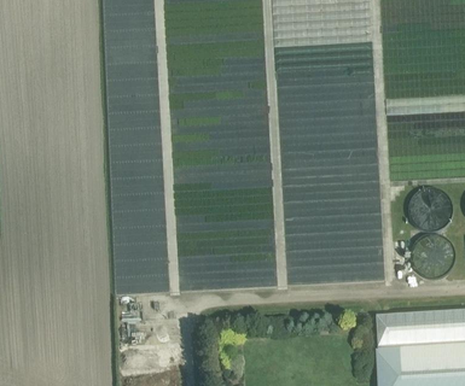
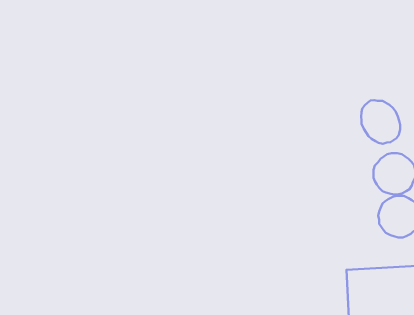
building: none -> [361,100,400,144]

